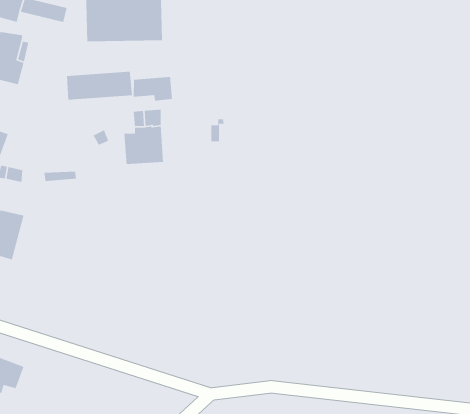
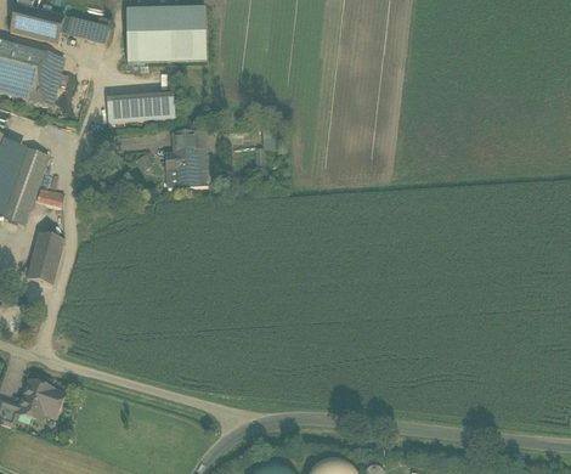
building: [133,76,173,102] -> none

